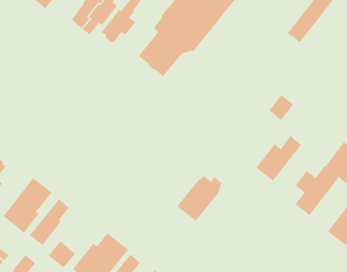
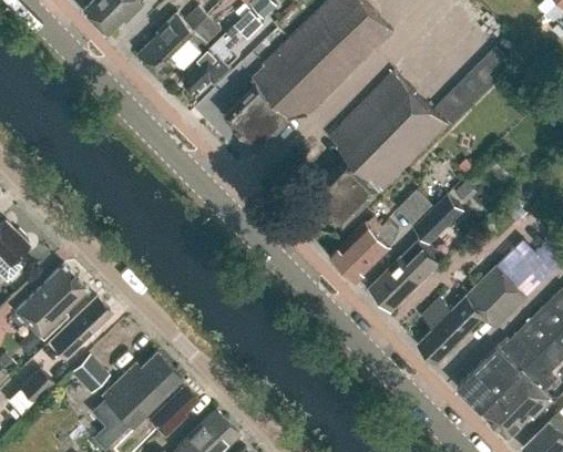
building: none -> [311,72,447,225]
building: none -> [411,179,473,246]
building: [176,176,222,222] -> [330,218,397,280]

